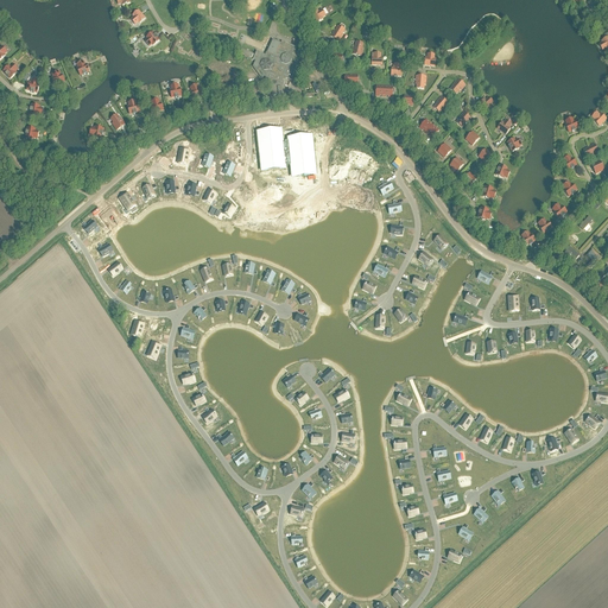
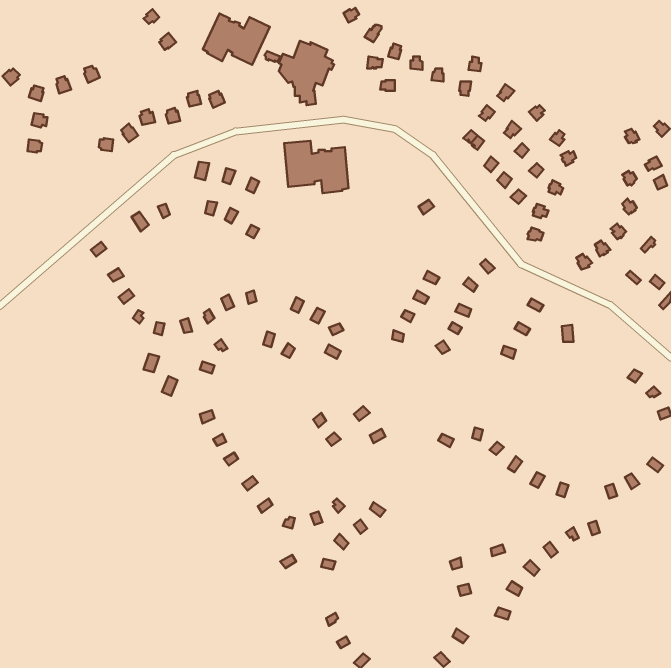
building: none -> [203,14,270,65]

